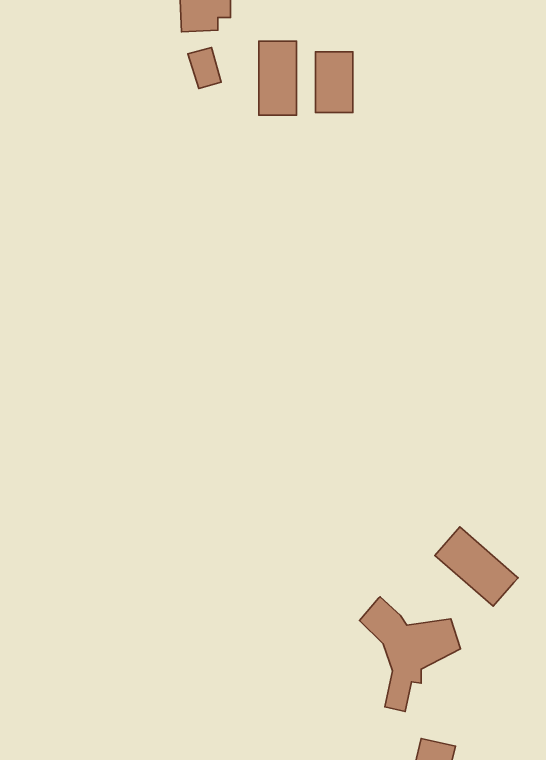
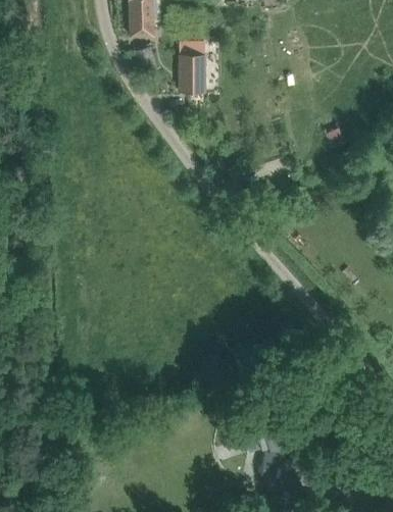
building: [316,52,353,113] -> none
building: [435,527,518,606] -> none

